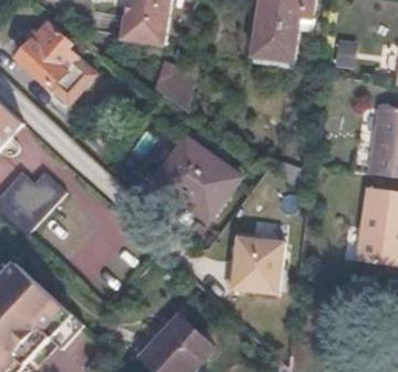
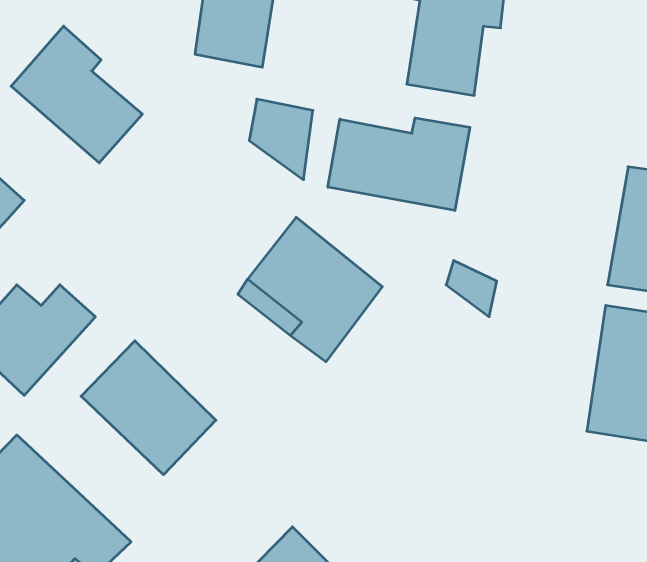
building: none -> [328,118,470,211]
building: none -> [81,341,216,475]
building: [238,248,284,299] -> none

